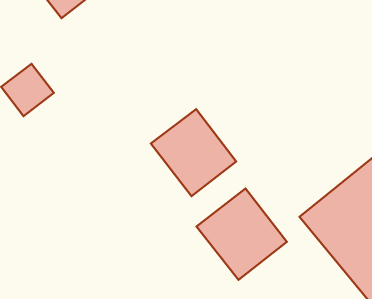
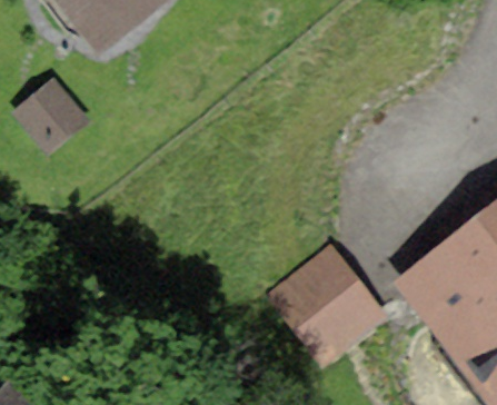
building: [151,109,236,196] -> none

